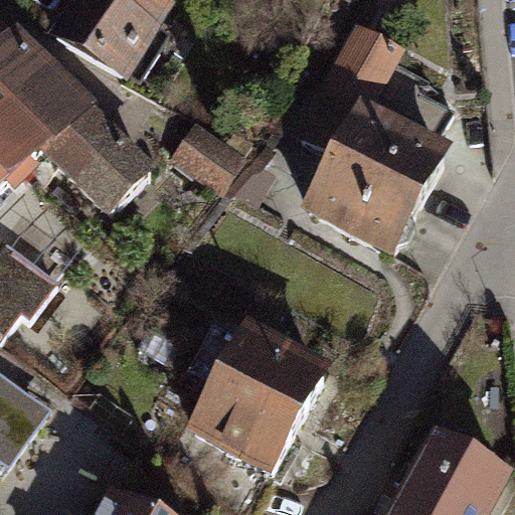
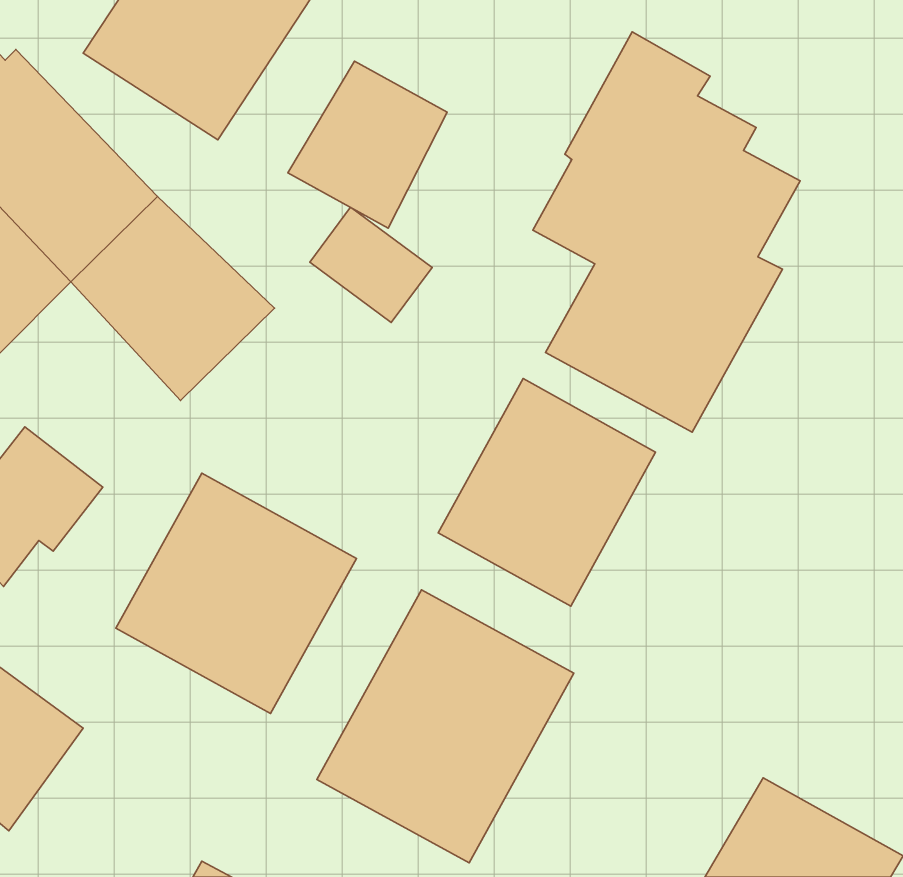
building: none -> [288,61,447,228]
building: none -> [438,379,656,606]
building: none -> [116,473,357,714]

